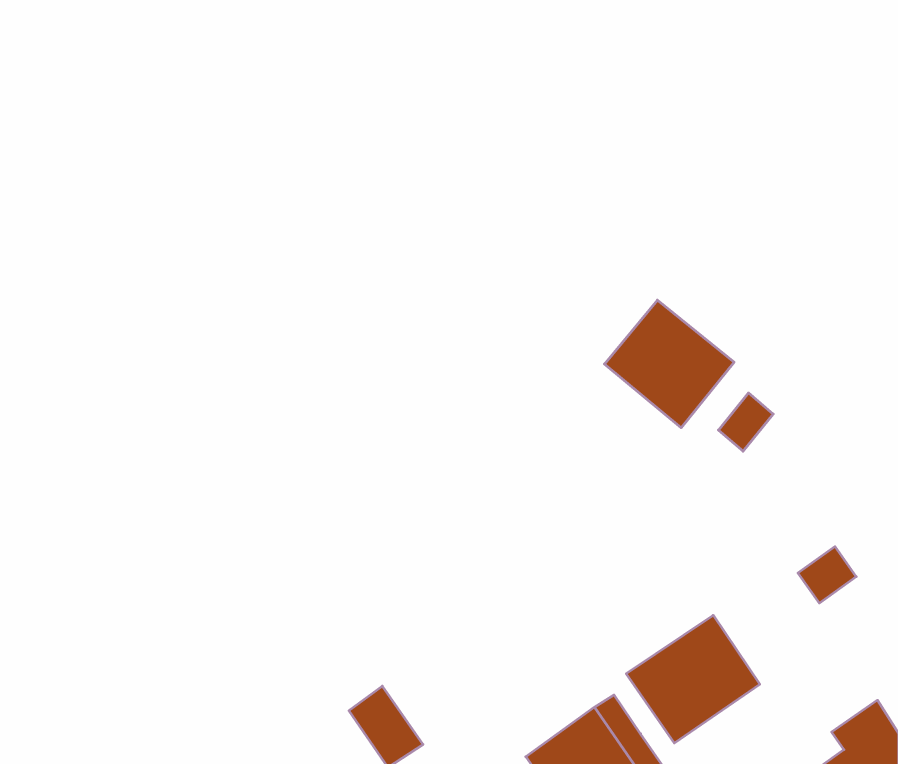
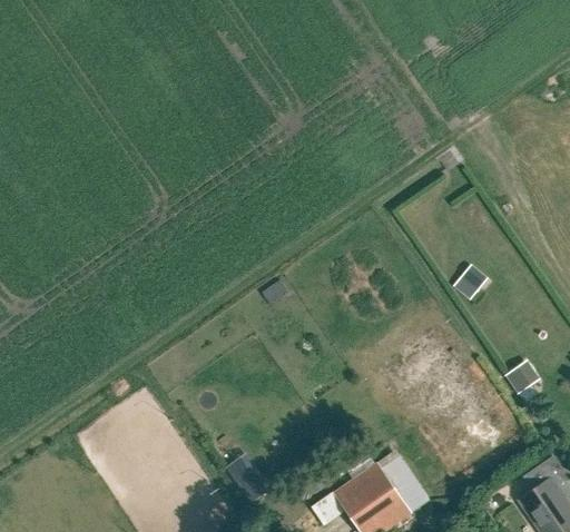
building: [604,300,734,428] -> none
building: [626,615,760,743] -> none

